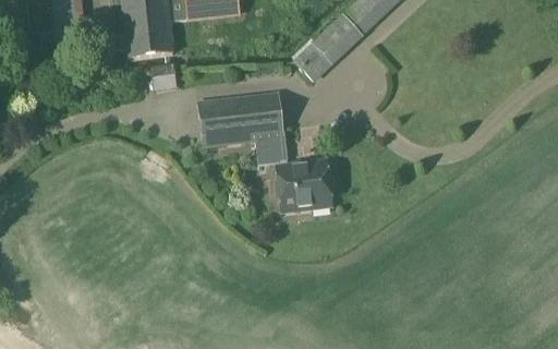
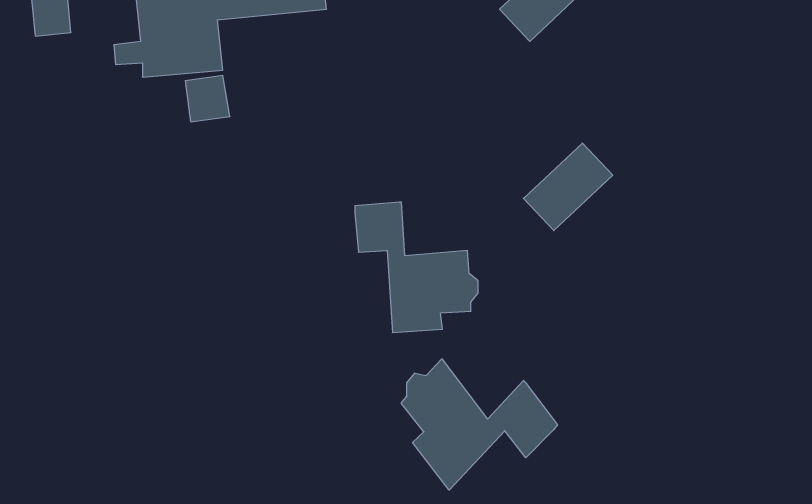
building: [295,26,350,80] -> [523,143,613,231]
building: [199,93,283,142] -> none
building: none -> [401,359,558,490]

